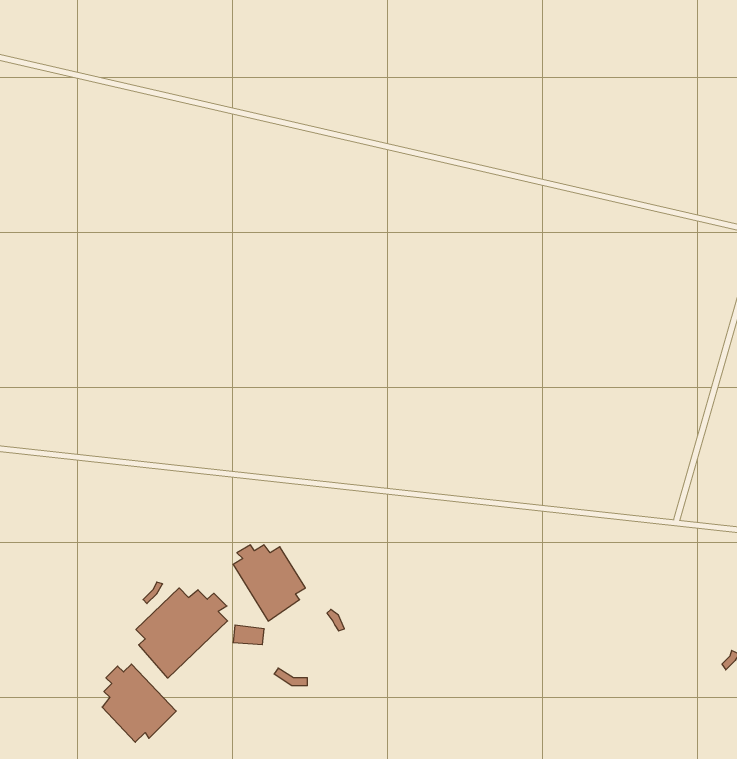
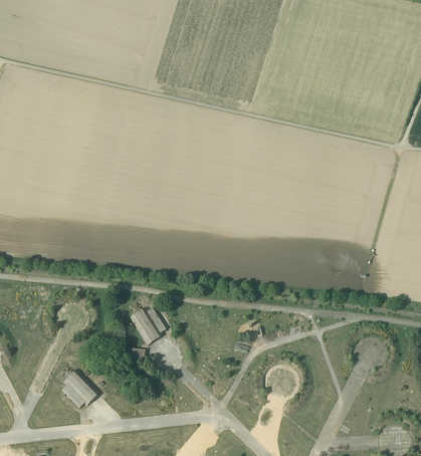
building: [136,588,228,678] -> none

